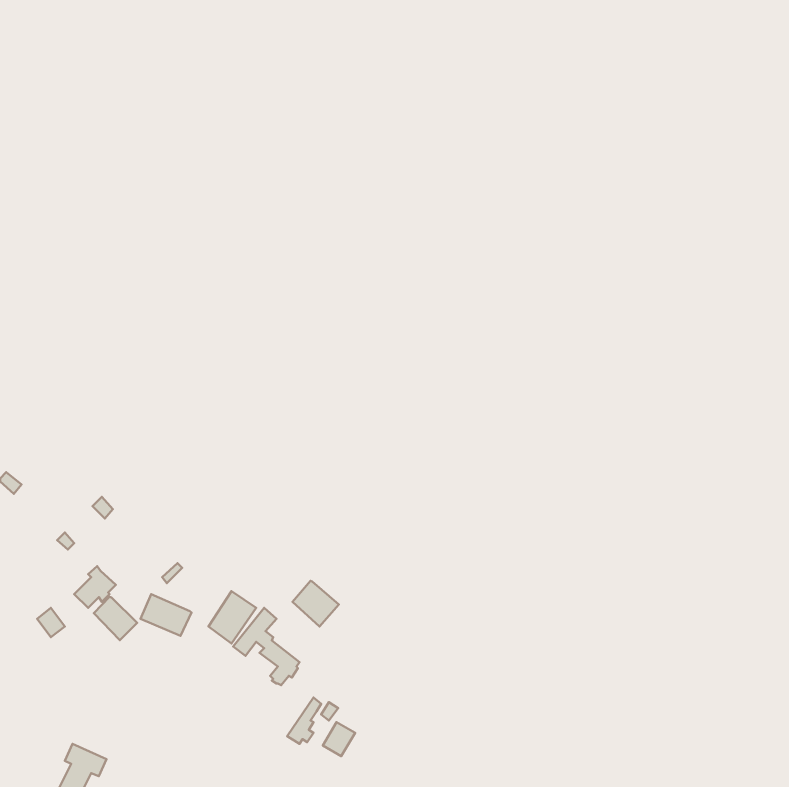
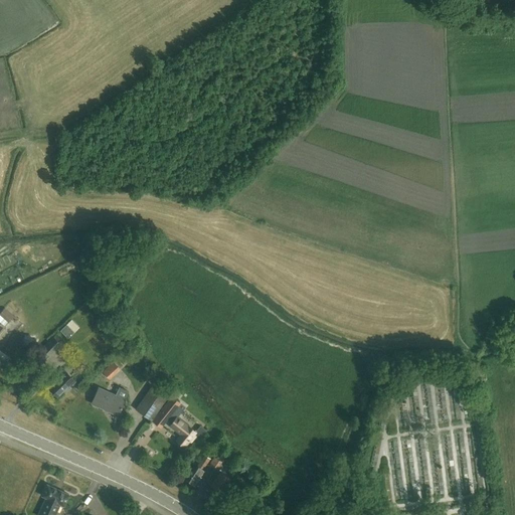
building: [292,581,339,627] -> none
building: [94,597,137,640] -> none

